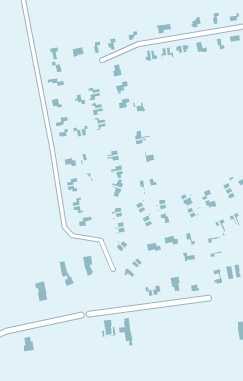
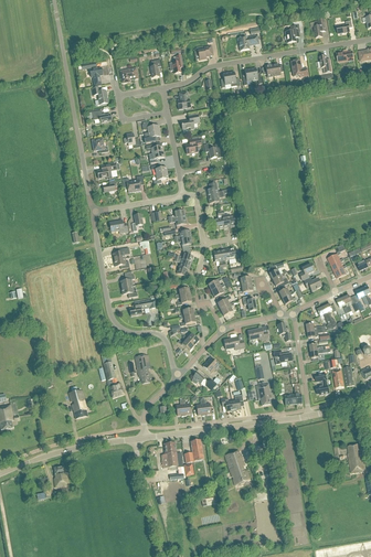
building: none -> [223,449,250,484]

